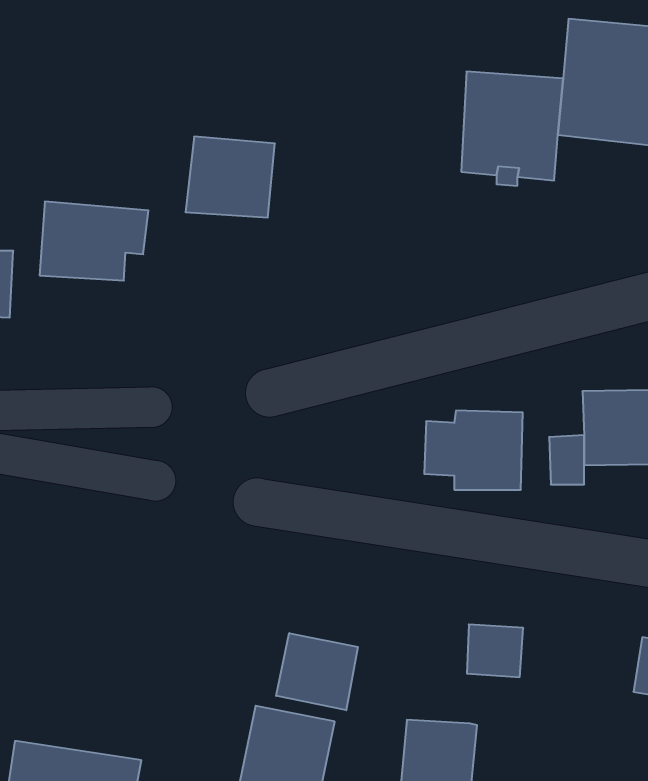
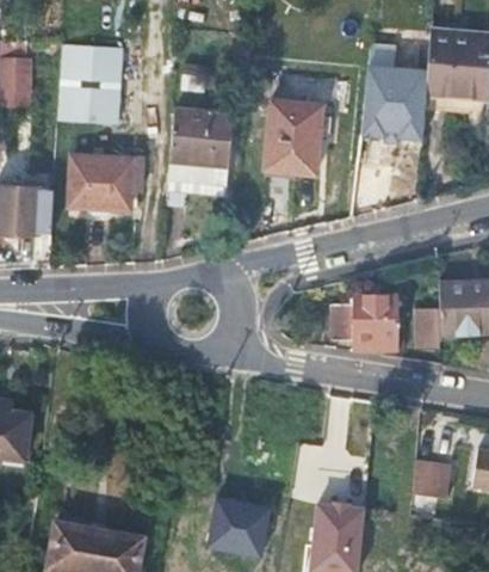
building: none -> [57,37,123,116]
building: none -> [264,99,328,172]
building: none -> [167,160,225,191]
building: [467,624,523,677] -> [414,459,452,494]
building: [276,633,358,710] -> none

